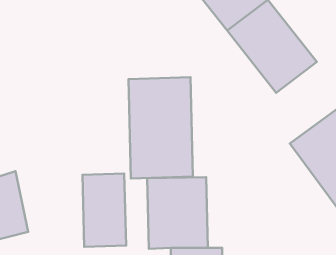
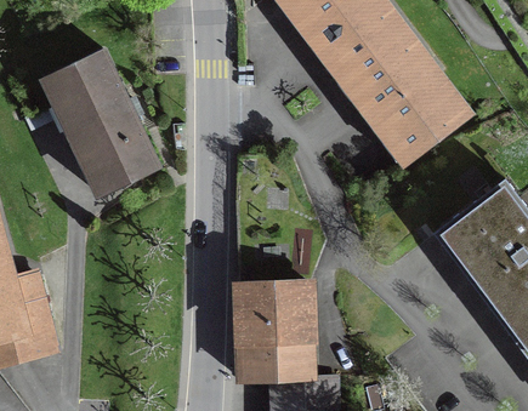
building: none -> [41,46,161,195]
building: [129,77,193,179] -> none
building: [82,174,126,247] -> none

